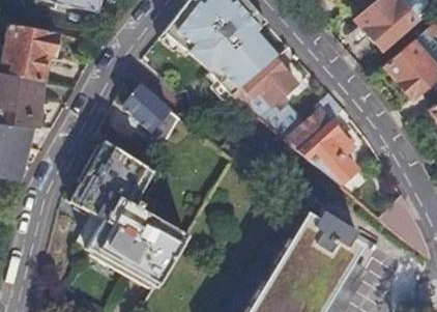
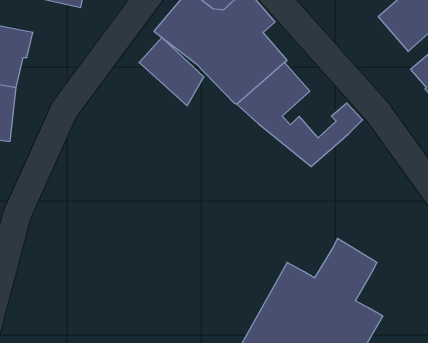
building: [122,84,178,143] -> [139,37,204,106]
building: [298,120,357,183] -> none
building: [70,141,185,287] -> none

